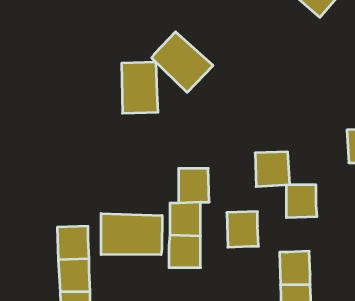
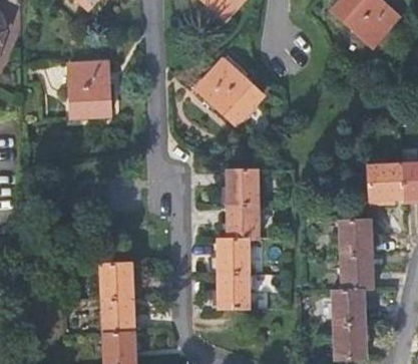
building: [122,62,158,113] -> [71,62,109,115]
building: none -> [226,169,258,204]
building: [255,152,290,187] -> [368,163,404,200]
building: [227,212,259,247] -> [339,254,372,291]
building: [101,213,162,255] -> none

